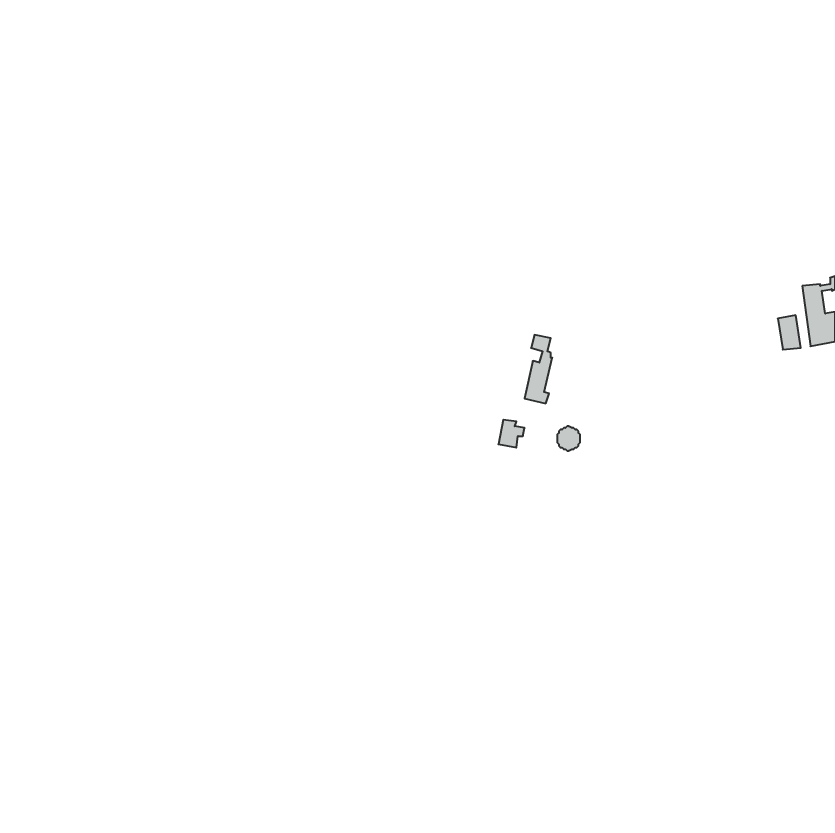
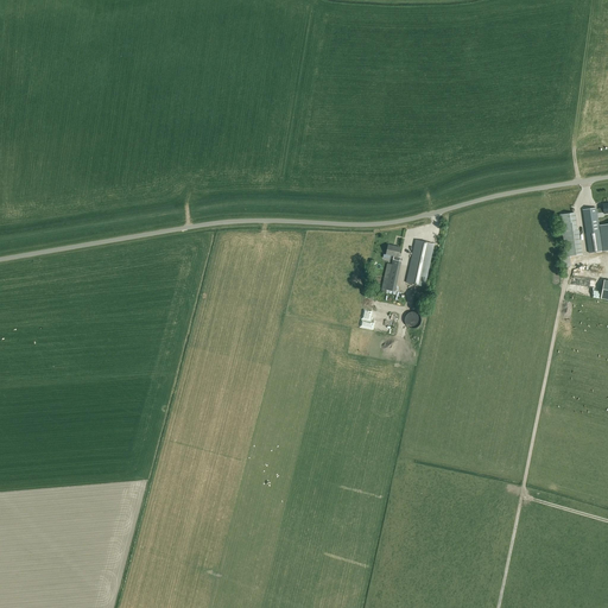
building: none -> [406,239,433,285]

